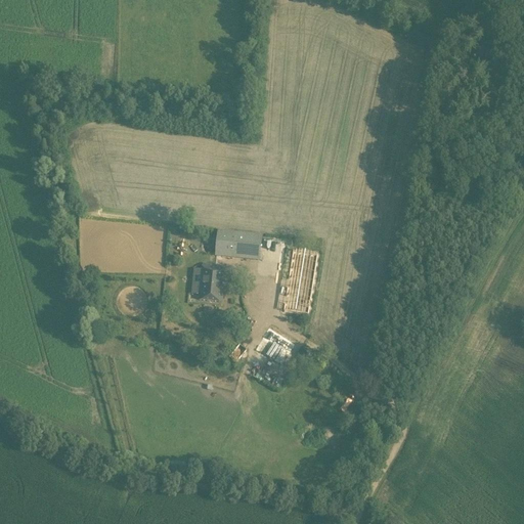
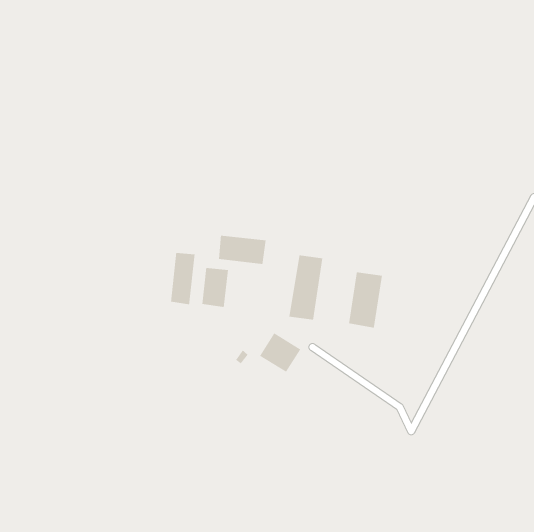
building: none -> [170,252,195,305]
building: none -> [349,272,382,328]

